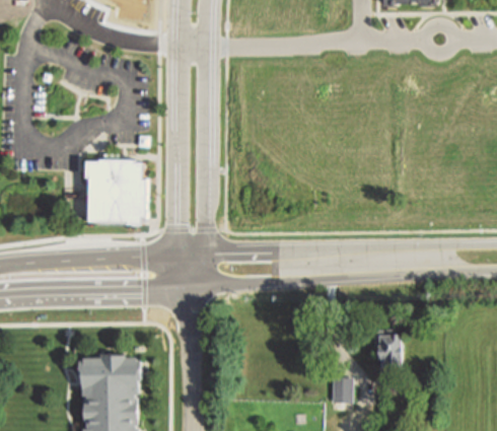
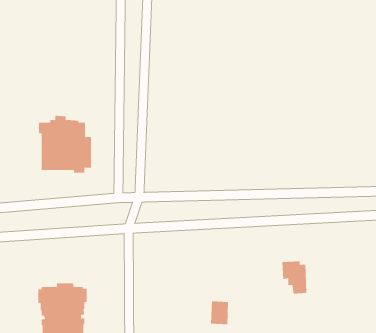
building: [330,374,352,403] -> [210,301,229,325]

